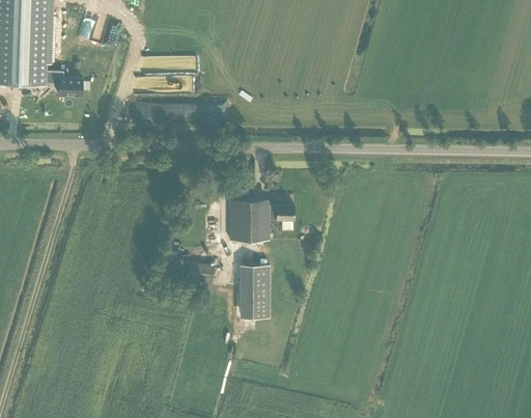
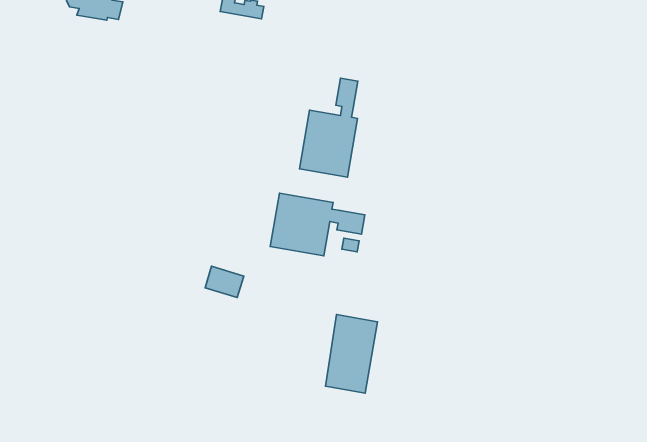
building: none -> [300,78,358,177]
building: [239,263,270,317] -> [325,315,378,393]

